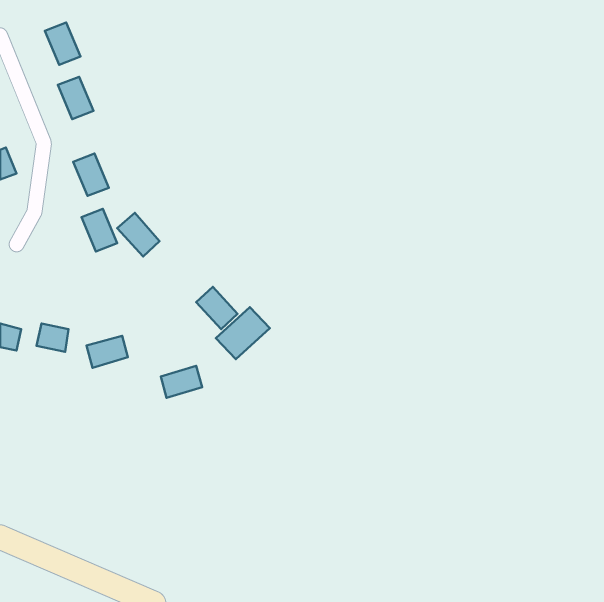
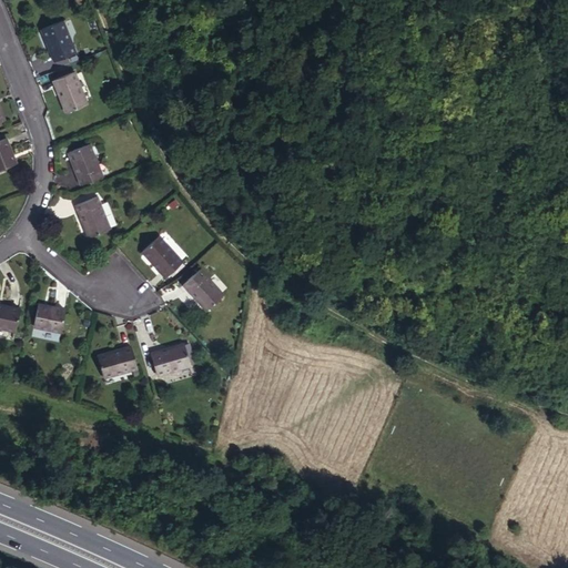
building: [117,213,160,256] -> [142,237,182,278]
building: [216,307,270,359] -> none
building: [87,336,128,368] -> [98,348,136,378]

